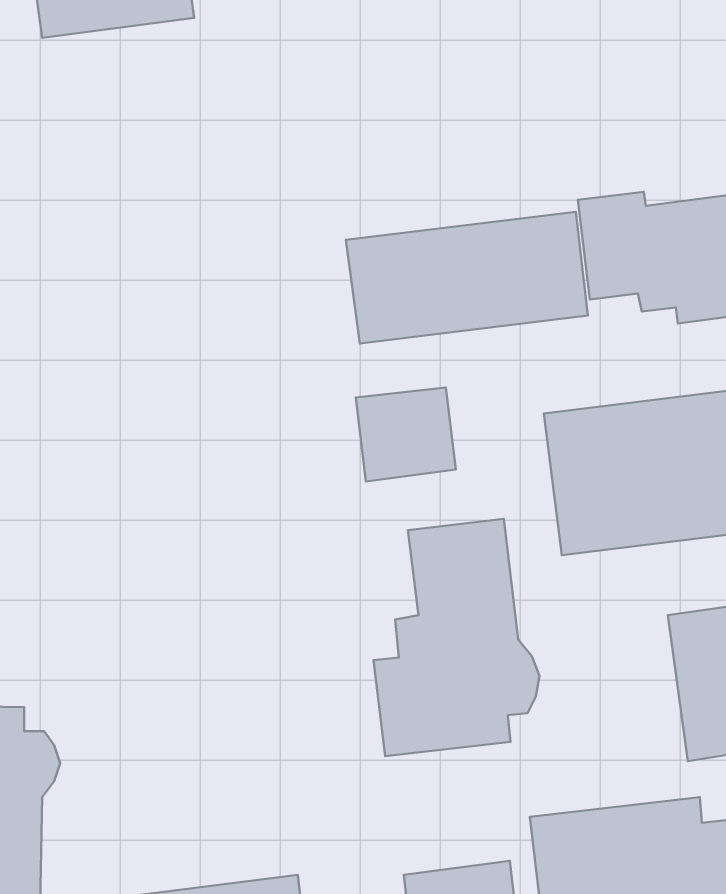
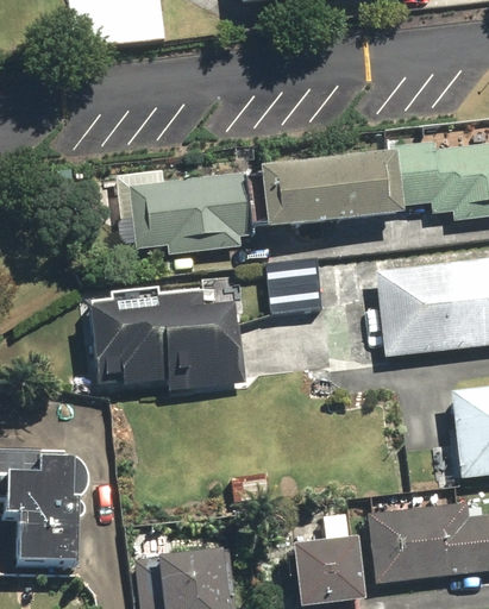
building: none -> [117,169,252,253]
building: none -> [89,295,247,390]
building: [373,519,540,756] -> none

